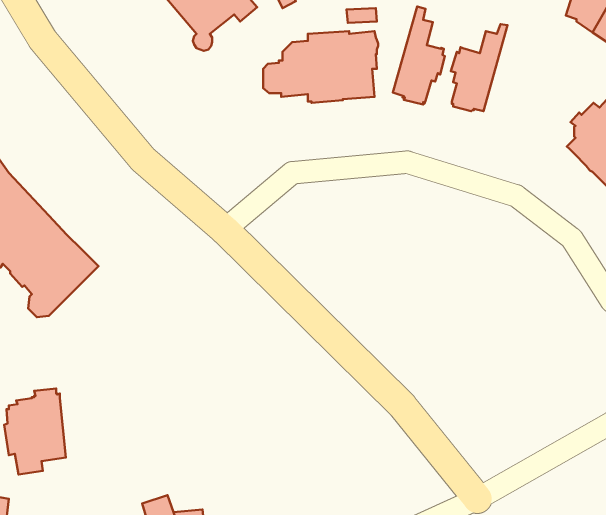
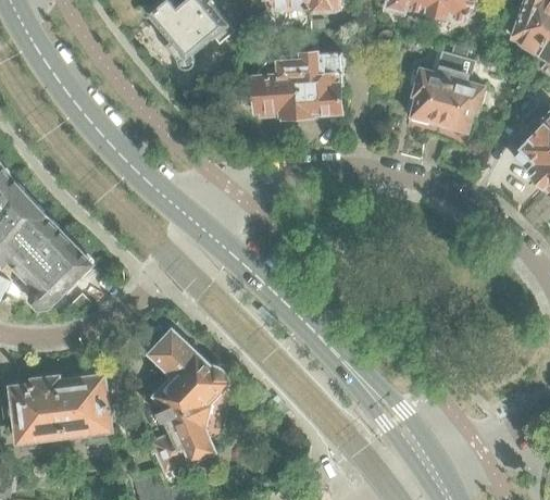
building: [393,7,445,105] -> [439,47,486,135]
building: none -> [142,330,228,471]
building: none -> [59,371,114,440]

